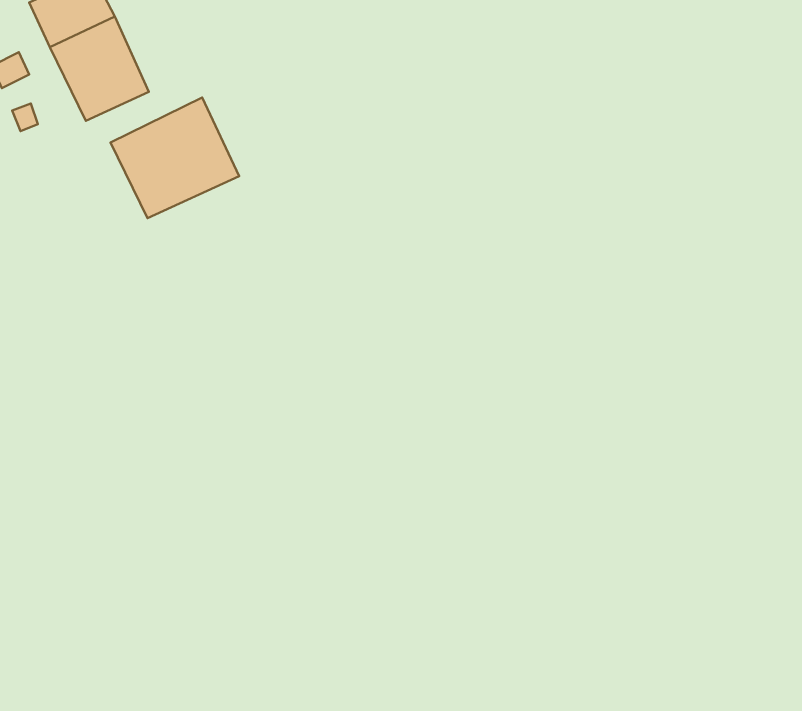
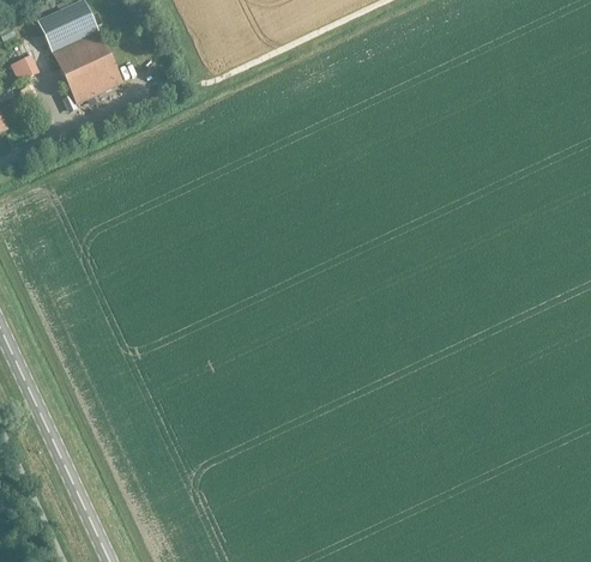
building: [111,97,239,218] -> none

